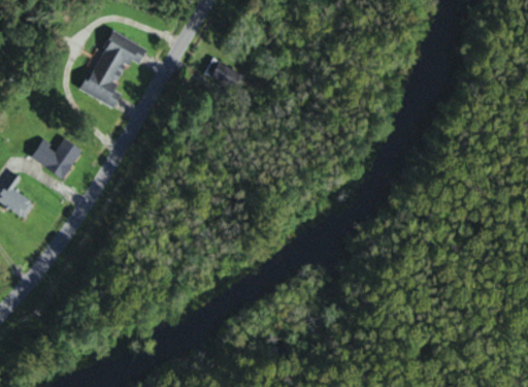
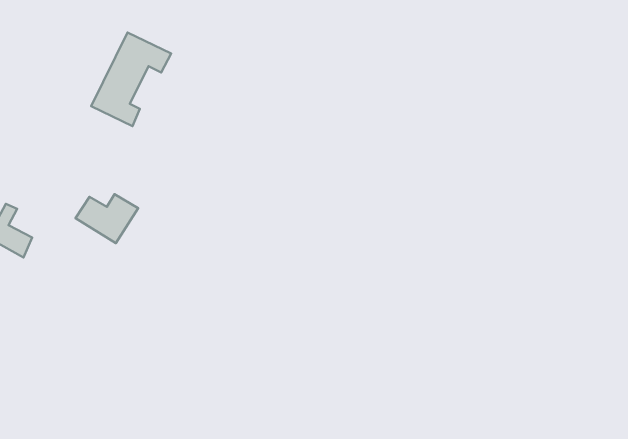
building: [203,58,243,91] -> none
building: [31,137,82,178] -> [76,194,138,243]

